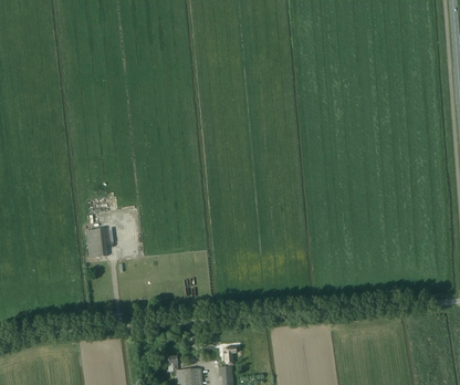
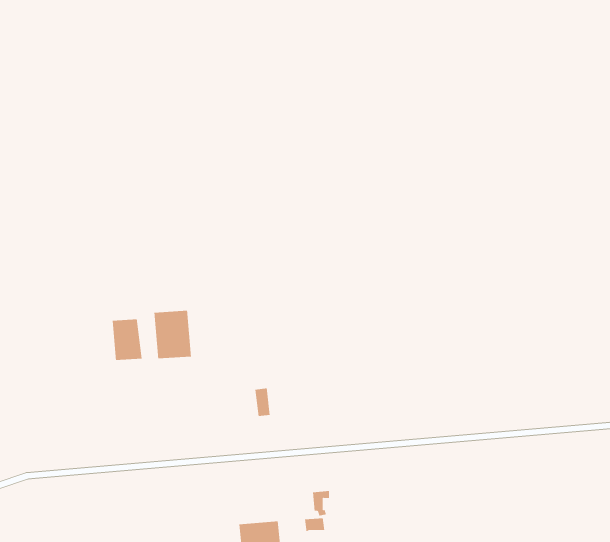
building: none -> [154,310,191,359]

